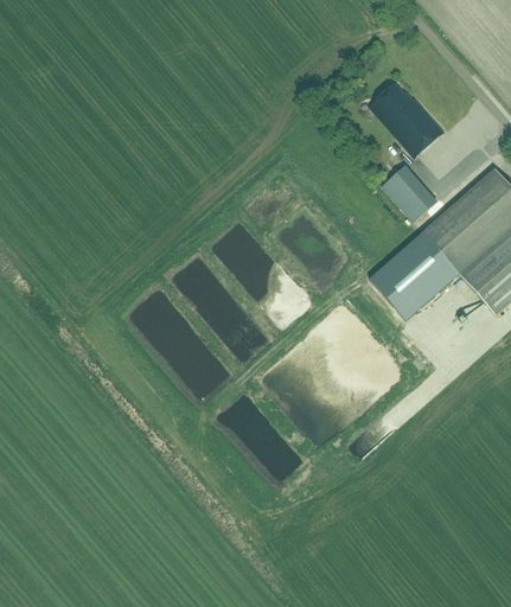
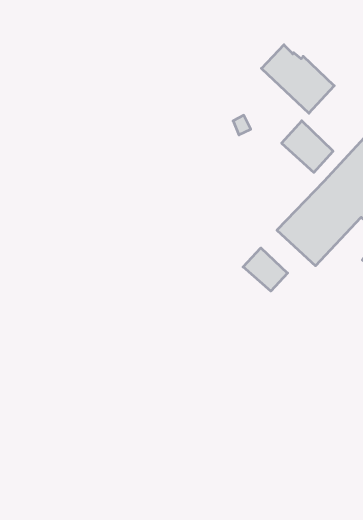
building: none -> [243,248,288,291]

